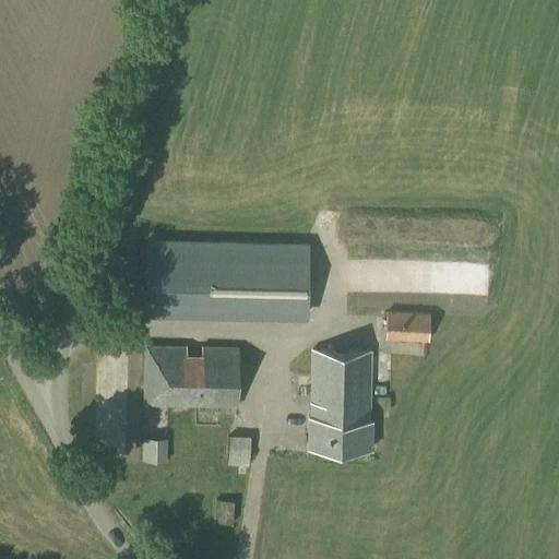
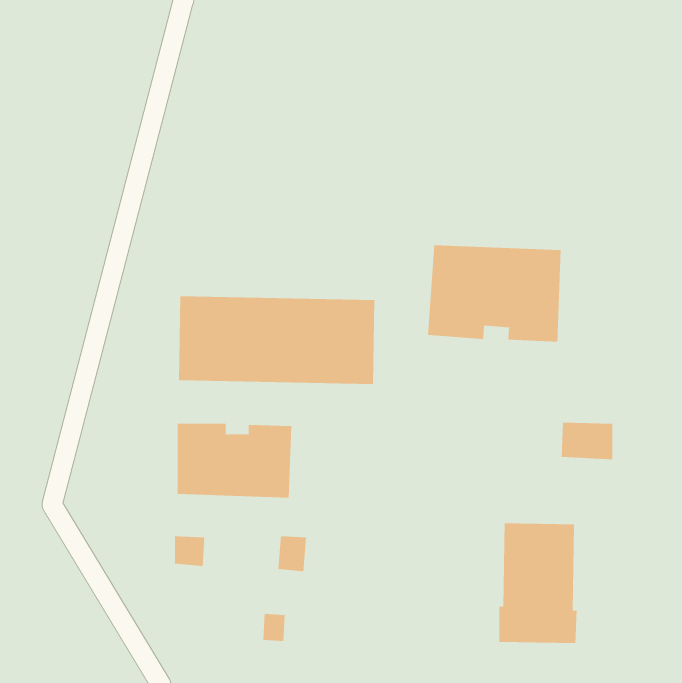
building: none -> [428,245,561,342]
building: [388,311,430,342] -> [561,422,613,460]
building: [310,350,374,449] -> [498,523,577,644]

